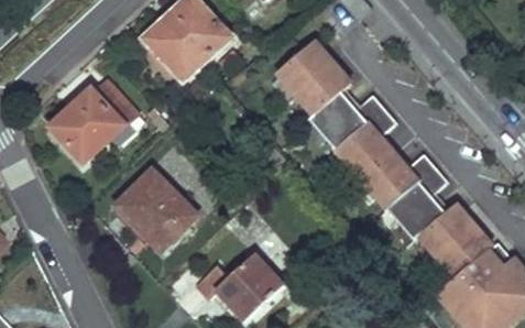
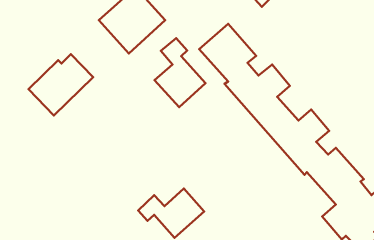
building: none -> [155,38,206,107]
building: [118,167,198,248] -> none

